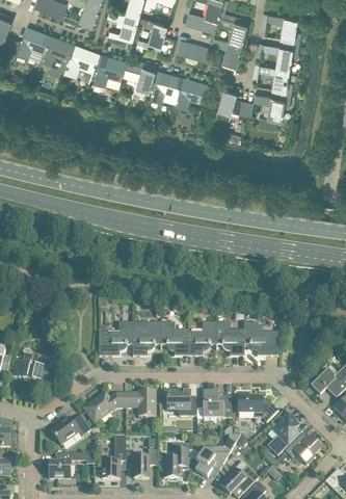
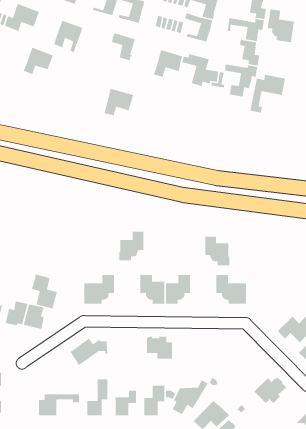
building: none -> [267,9,295,43]
building: [41,35,75,67] -> [22,47,54,75]
building: [92,54,126,85] -> none
building: [150,70,183,101] -> [104,88,134,116]
building: none -> [250,74,286,113]
building: none -> [31,274,58,309]
building: [132,323,160,357] -> [118,231,144,261]
building: [216,323,244,357] -> [205,236,230,266]
building: [203,391,232,419] -> none
building: [125,392,155,417] -> none
building: [238,395,277,423] -> none
building: [267,414,299,456] -> none
building: [51,416,90,445] -> none

